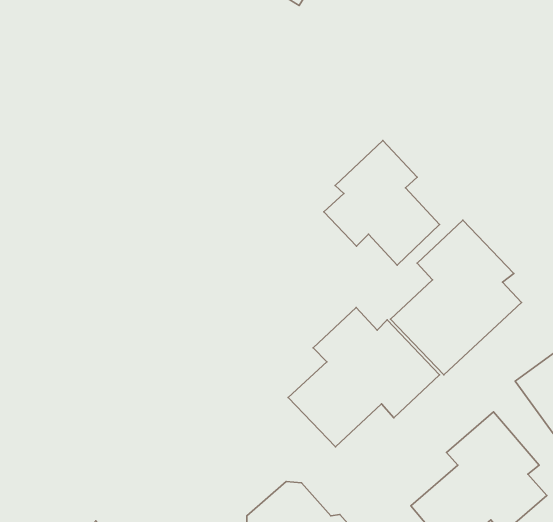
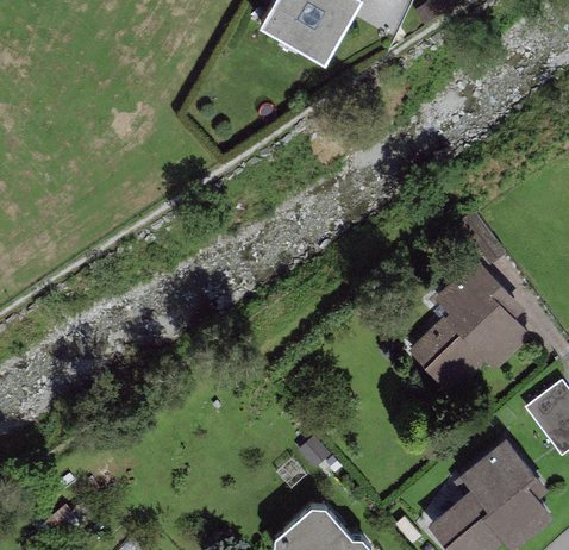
building: [324,141,440,265] -> none
building: [288,307,439,447] -> none

